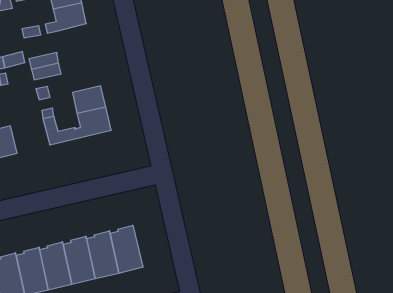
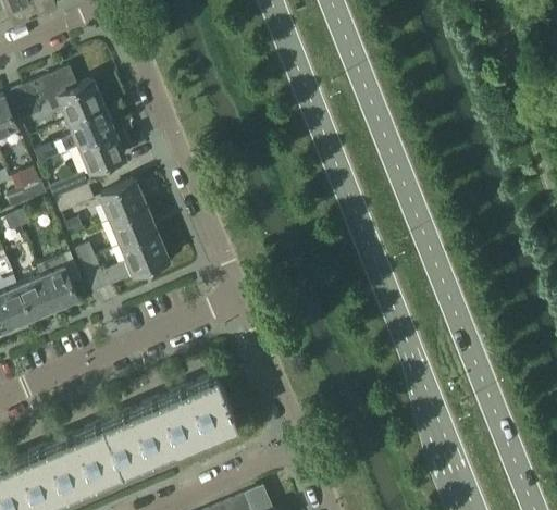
building: none -> [79,130,124,171]
building: none -> [100,181,145,220]
building: none -> [36,251,81,308]

